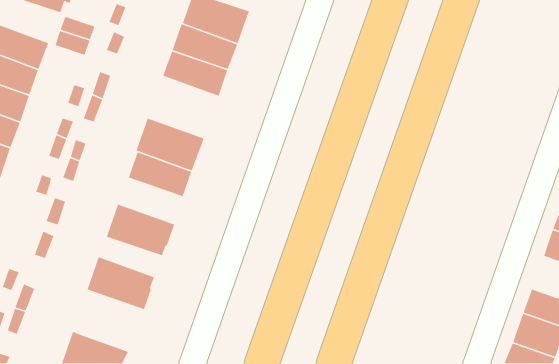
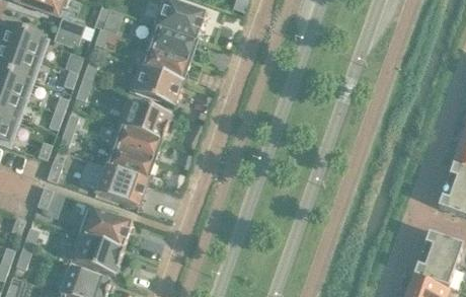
building: none -> [129,64,182,105]
building: none -> [102,144,154,180]
building: none -> [69,232,124,274]

